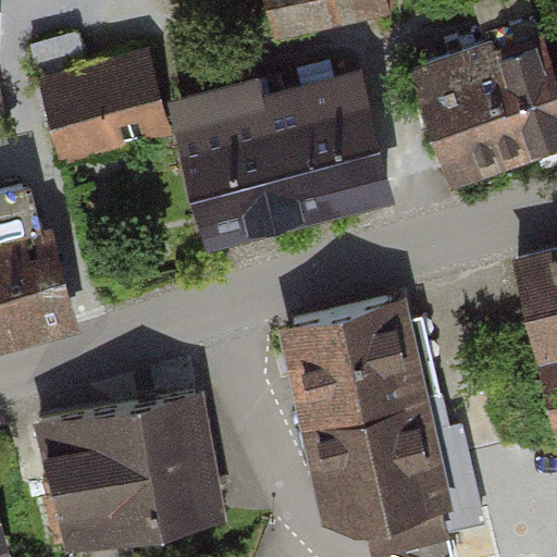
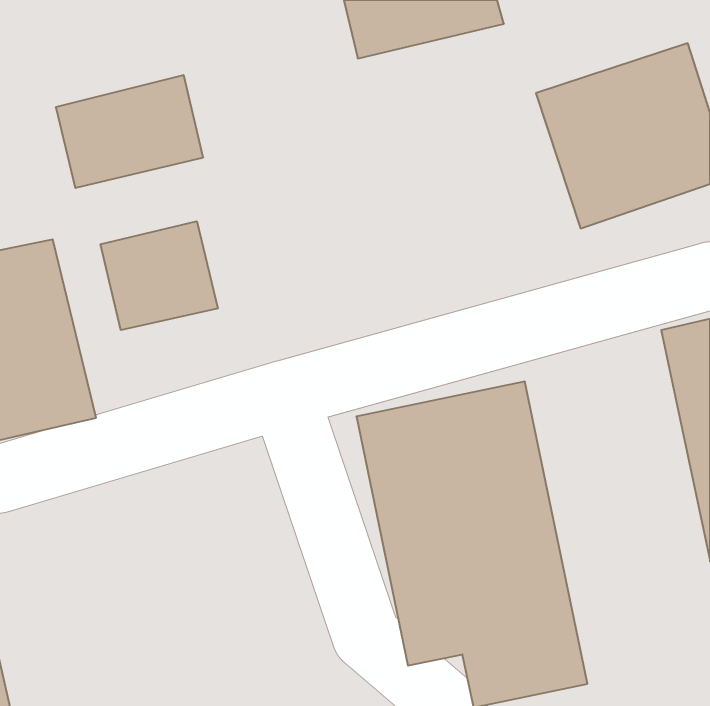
building: [172,86,395,240] -> none
building: none -> [100,221,218,330]
building: [39,401,223,540] -> none

